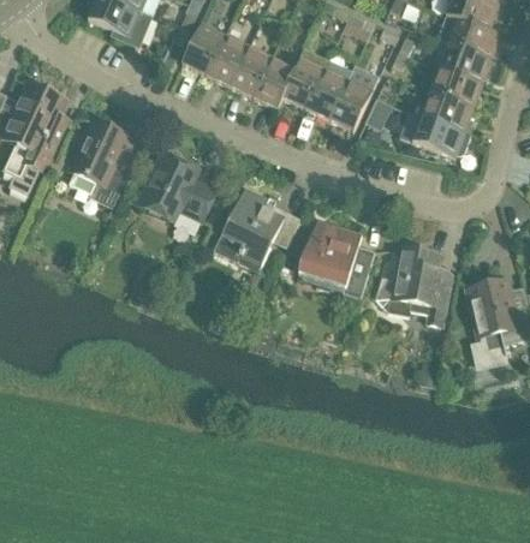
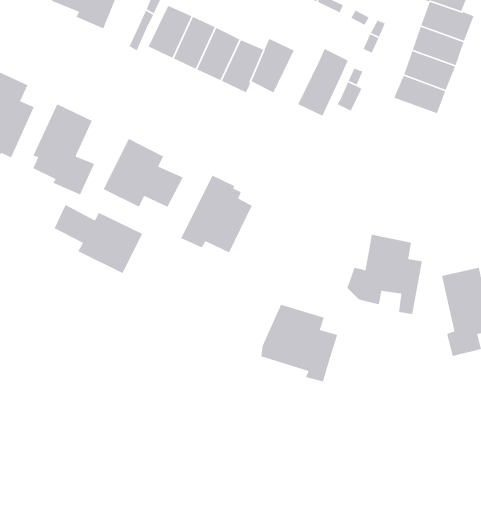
building: [305,66,349,119] -> none
building: [399,108,472,156] -> none
building: none -> [54,204,143,274]
building: [299,220,375,297] -> [261,304,338,383]

